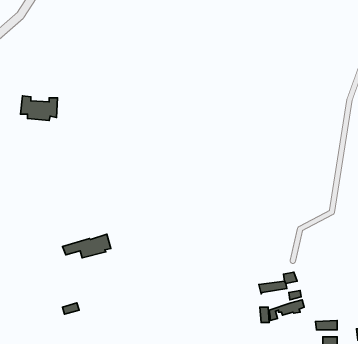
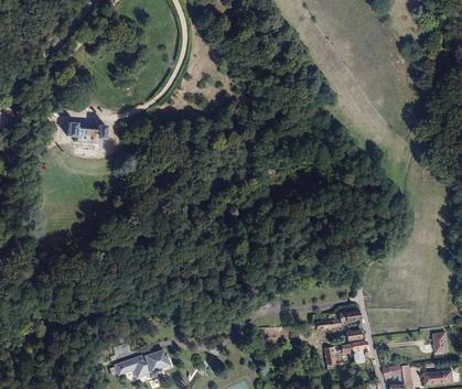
building: [63,234,111,258] -> [121,353,173,378]

